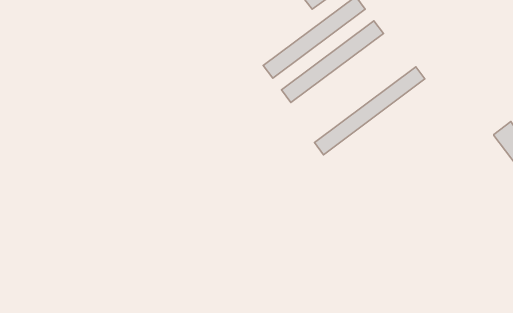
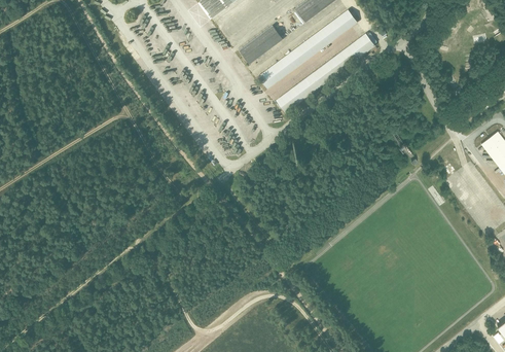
building: none -> [239,26,283,64]
building: [315,67,425,155] -> none

